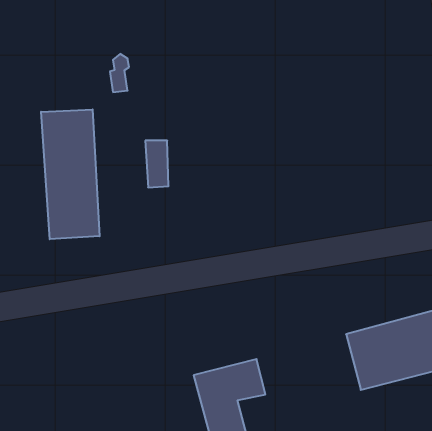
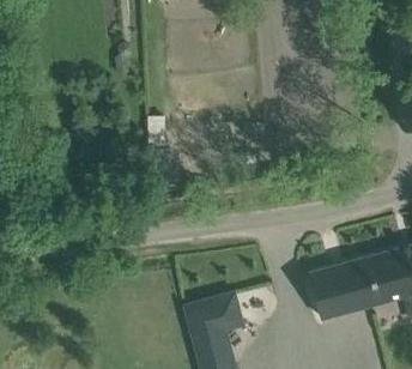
building: [41,109,100,239] -> none

